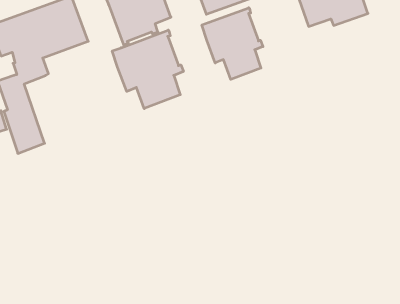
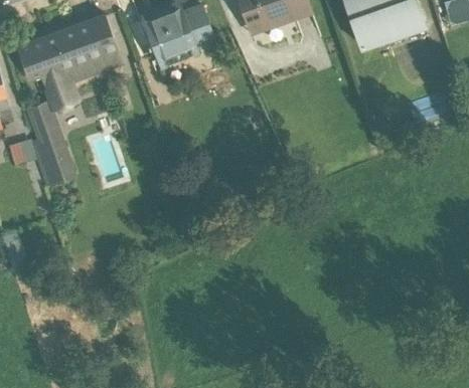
building: [202,8,263,79] -> none
building: [112,30,183,109] -> none

